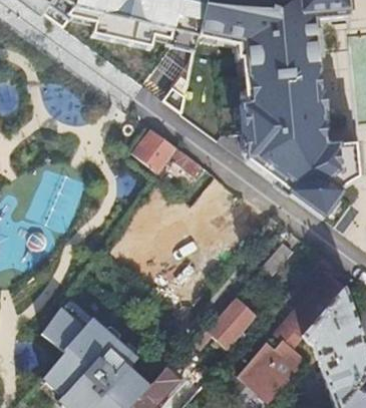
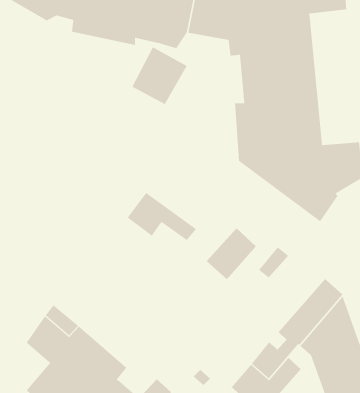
building: [134,129,201,175] -> [127,192,197,241]
building: [208,297,256,347] -> [206,227,257,280]

